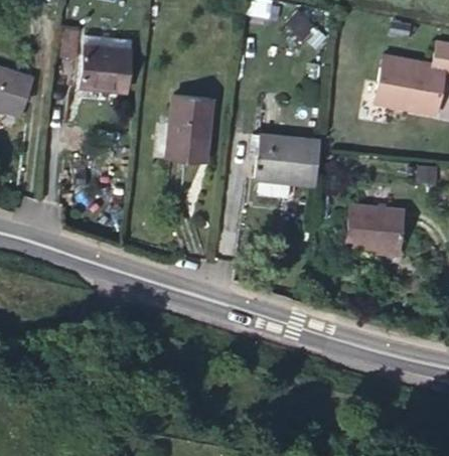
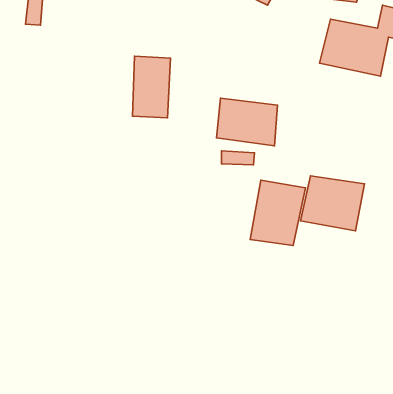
building: [85,40,129,86] -> none
building: none -> [250,180,306,245]

